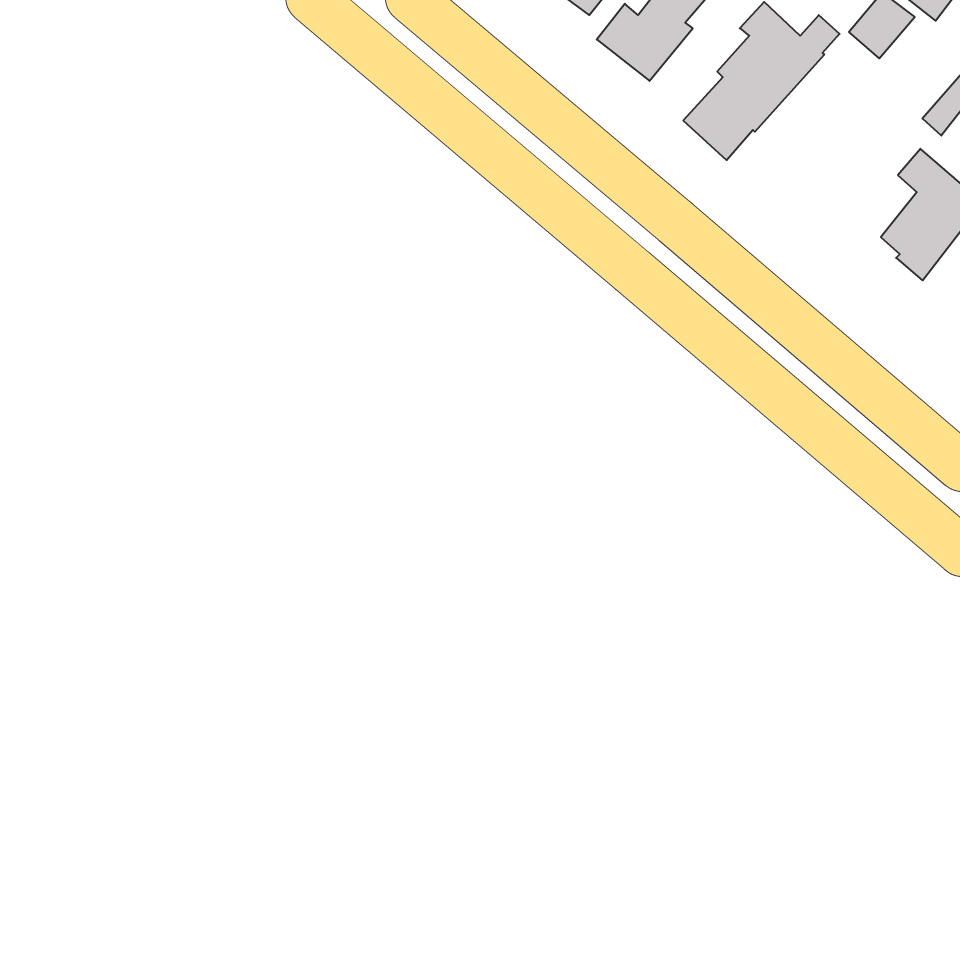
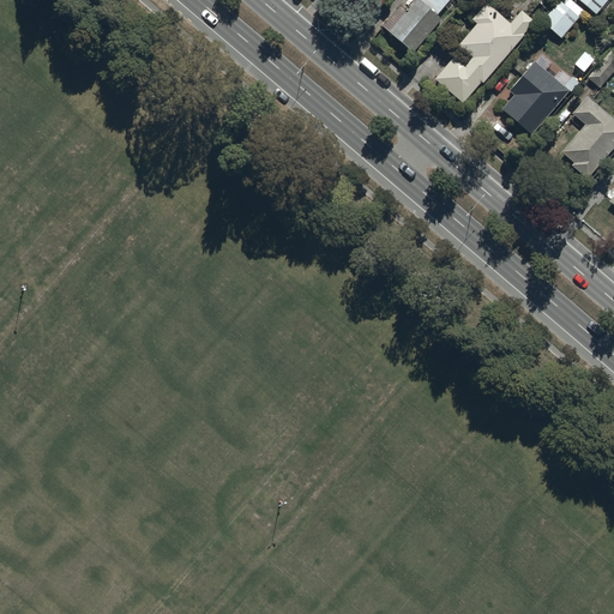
building: none -> [502,62,568,134]

